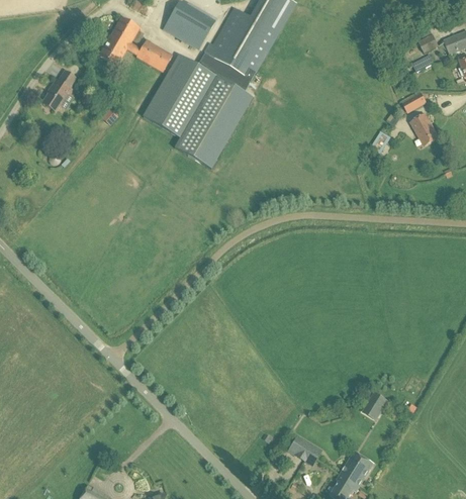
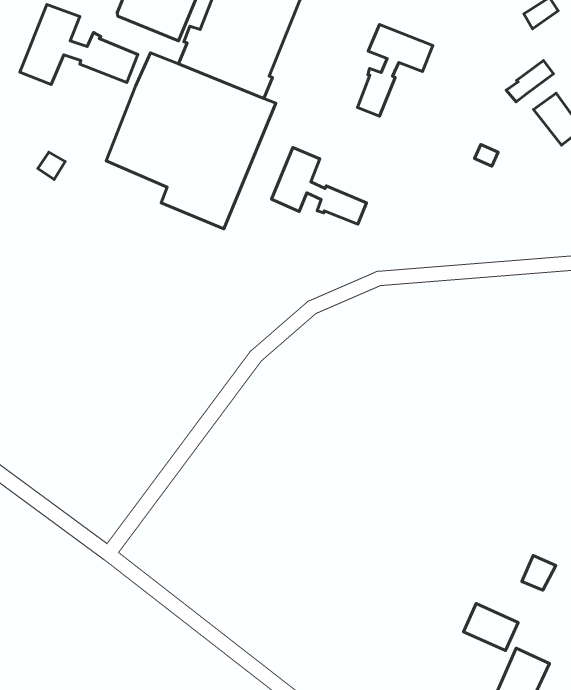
building: none -> [358,24,433,116]
building: none -> [271,147,367,224]
building: [287,434,321,466] -> [463,604,518,651]

